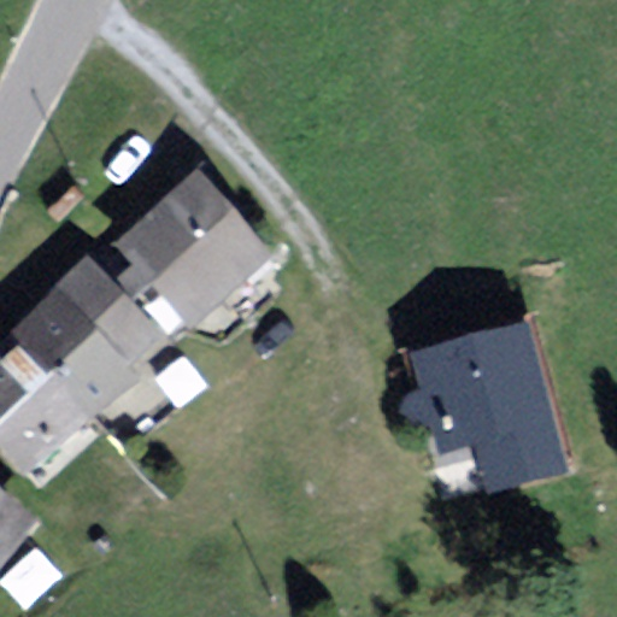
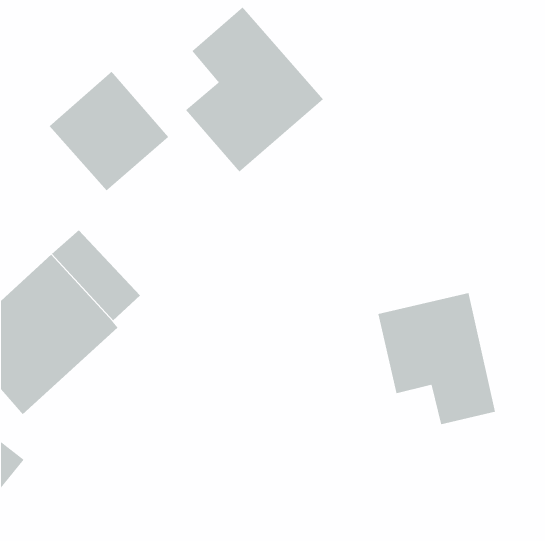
building: none -> [185,7,324,172]
building: [128,180,264,316] -> [49,71,169,191]

